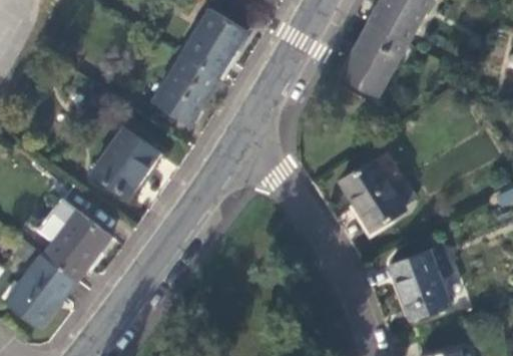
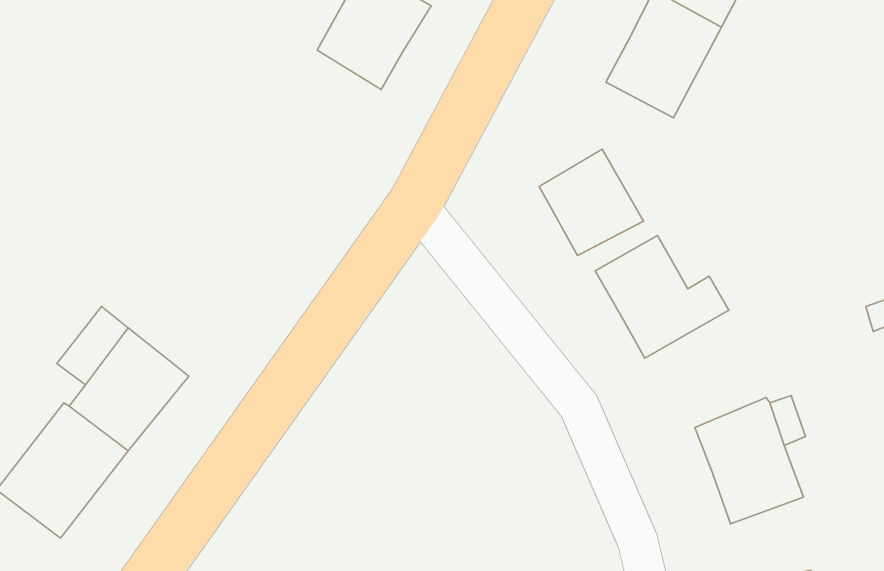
building: [142,55,217,124] -> none
building: none -> [539,149,644,256]
building: [91,129,156,199] -> none

